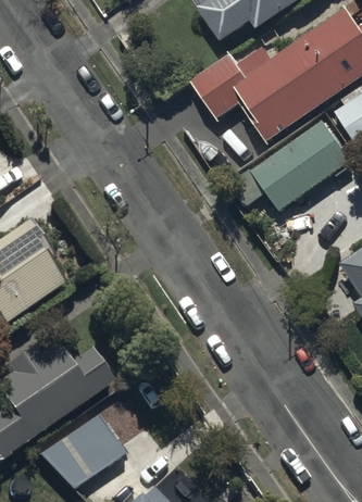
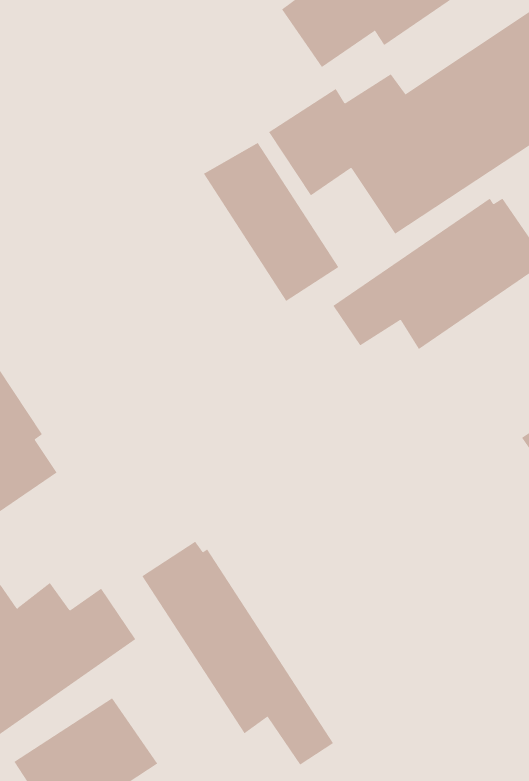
building: none -> [203,142,339,302]
building: none -> [142,541,334,765]

